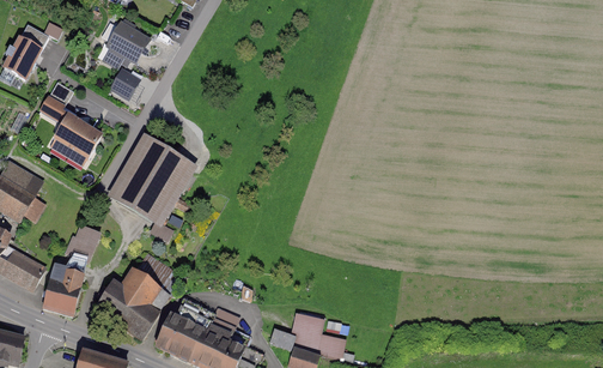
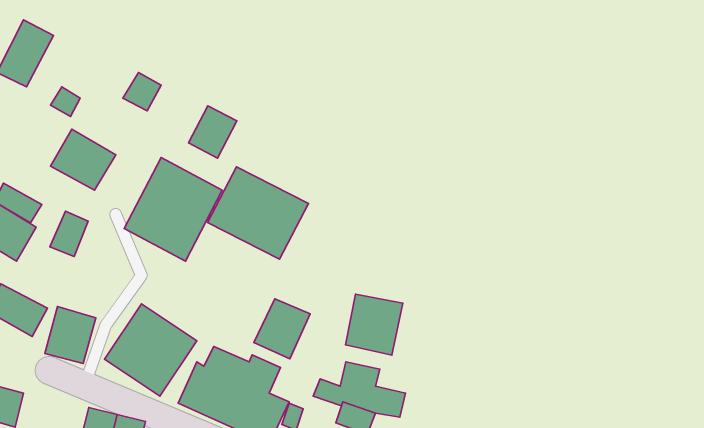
building: [102,20,147,65] -> none
building: none -> [189,106,237,158]
building: none -> [208,167,308,259]
building: [68,223,100,261] -> [50,211,88,257]
building: none -> [345,294,403,355]
building: none -> [254,299,310,359]

